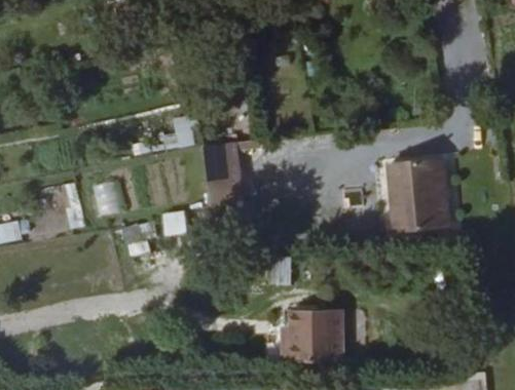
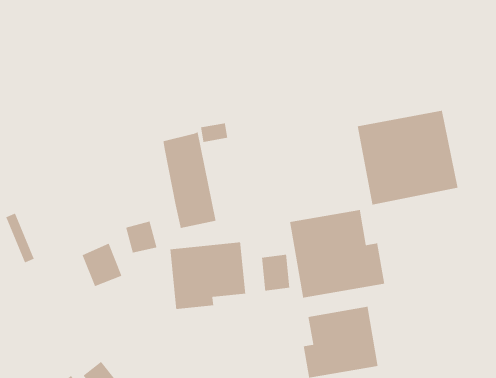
building: none -> [289,209,385,298]
building: none -> [169,242,246,310]

